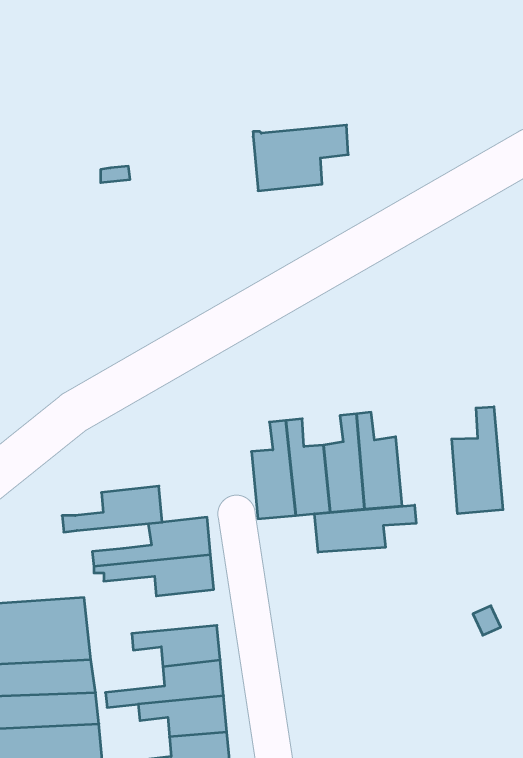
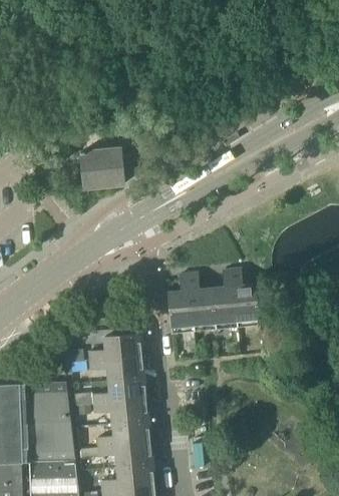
building: [253,125,348,191] -> [80,147,138,187]
building: [452,407,503,514] -> none
building: [62,486,162,532] -> [84,377,145,405]
building: [315,505,416,552] -> none

